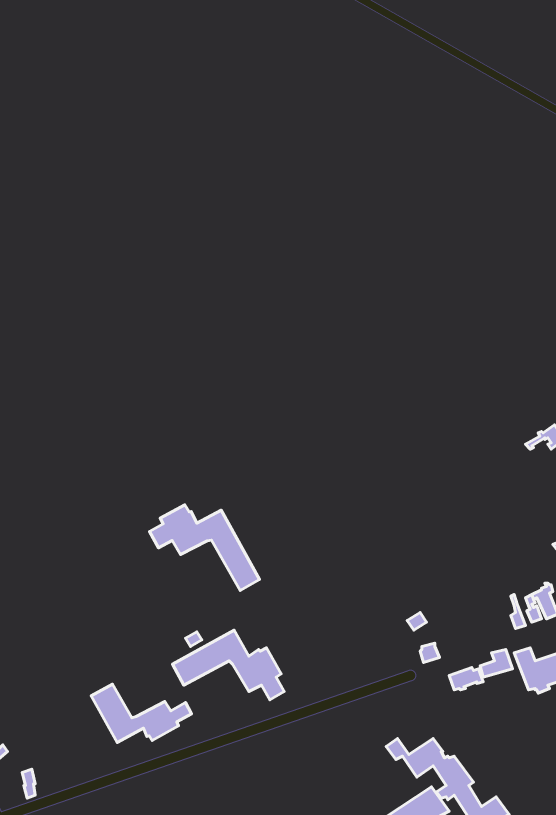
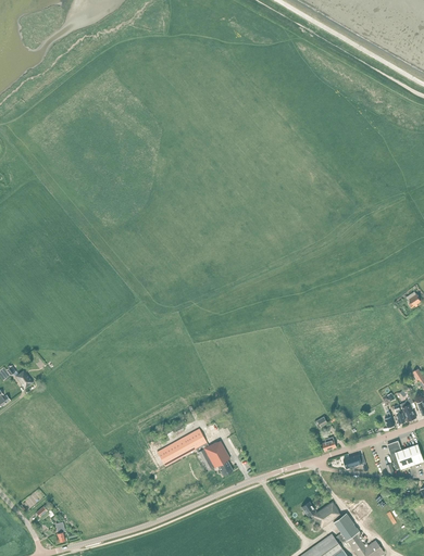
building: [149,505,260,590] -> none
building: [91,684,192,743] -> none

